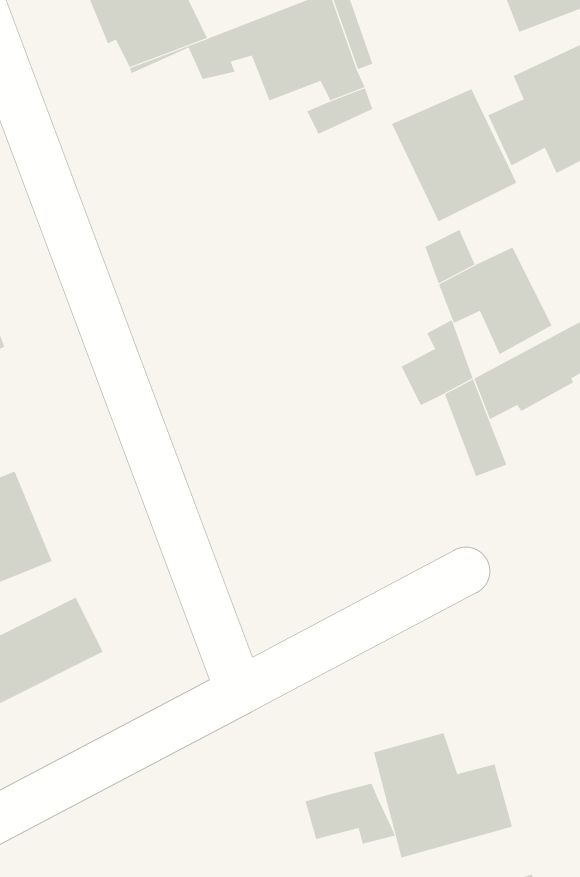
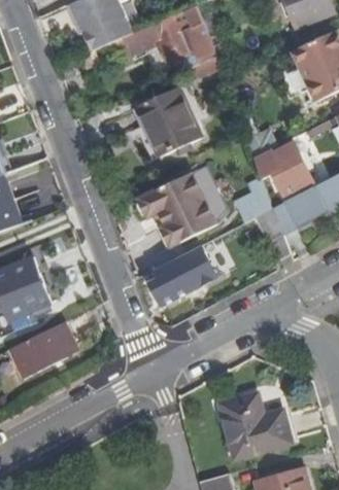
building: [391,88,517,222] -> [134,87,200,157]
building: none -> [135,168,214,242]
building: none -> [149,248,215,307]
building: [305,783,395,844] -> none

